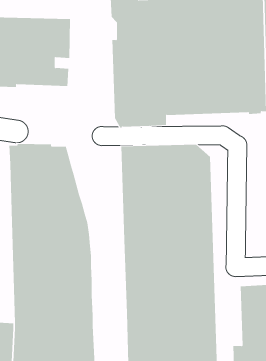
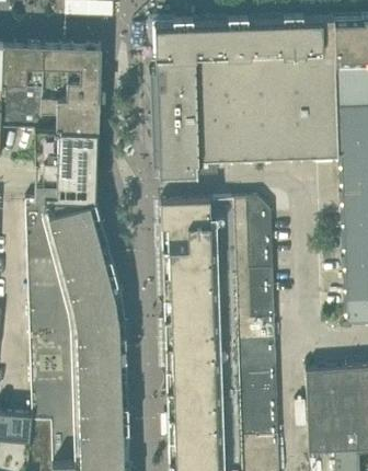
building: none -> [35,126,99,200]

